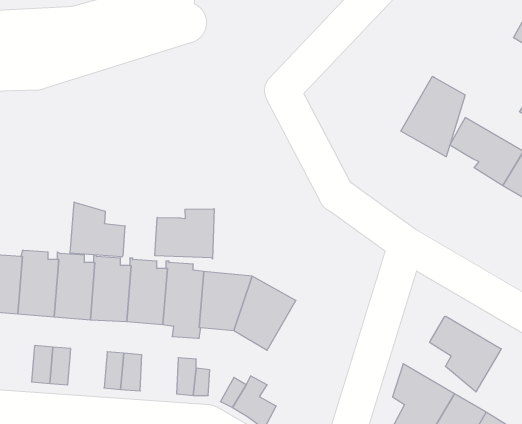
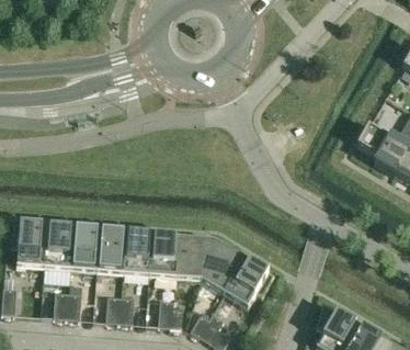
building: [401,76,465,157] -> none
building: [70,202,125,257] -> none
building: [155,209,214,259] -> none
building: none -> [225,256,275,305]
building: [430,316,501,392] -> none

